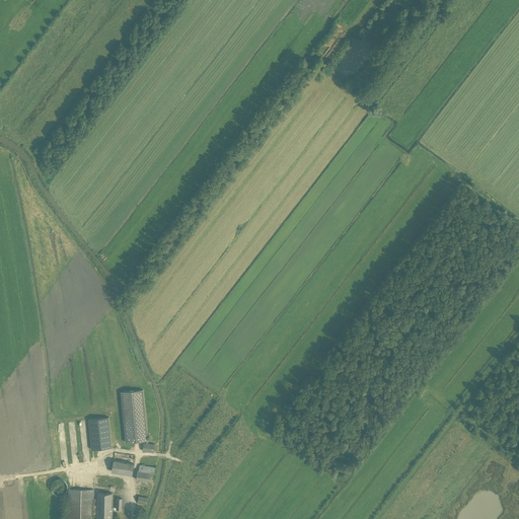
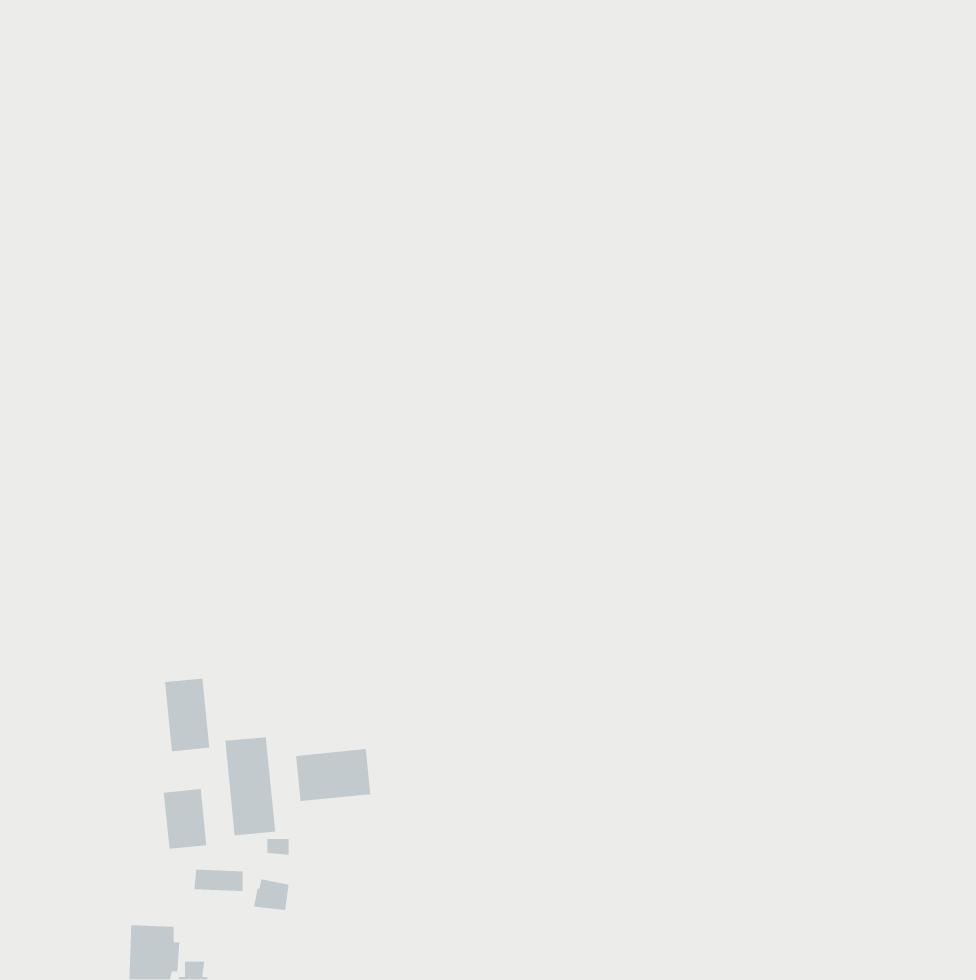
building: none -> [164,678,210,752]
building: none -> [295,748,371,802]

